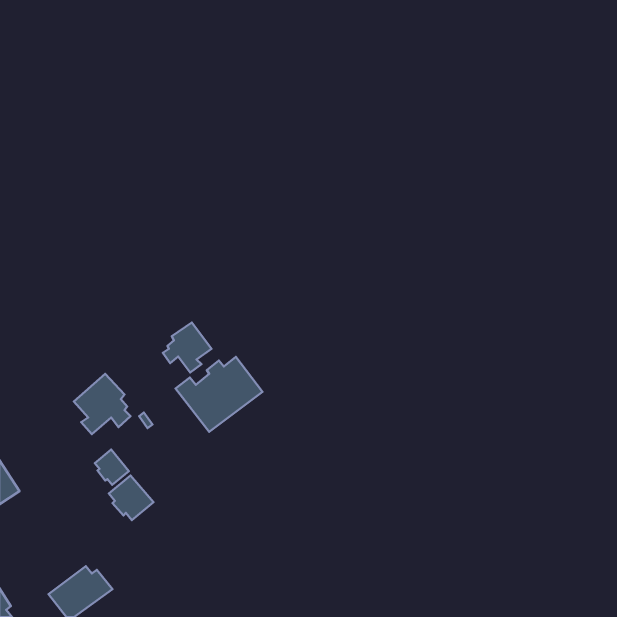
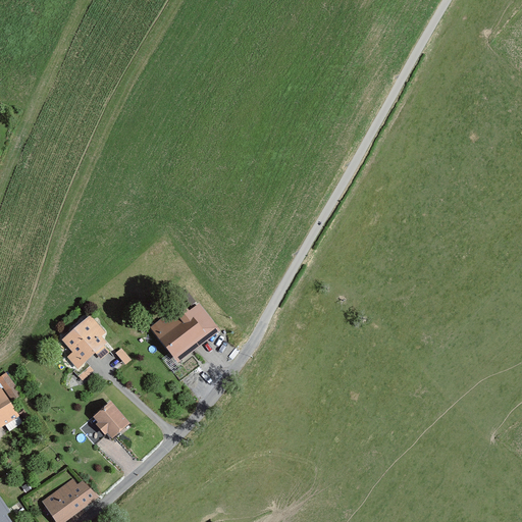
building: [163,322,211,373] -> none
building: [95,449,129,485] -> none

